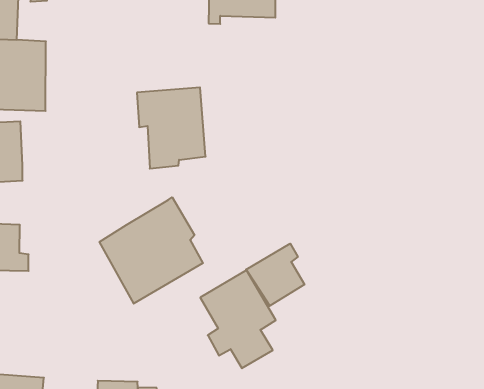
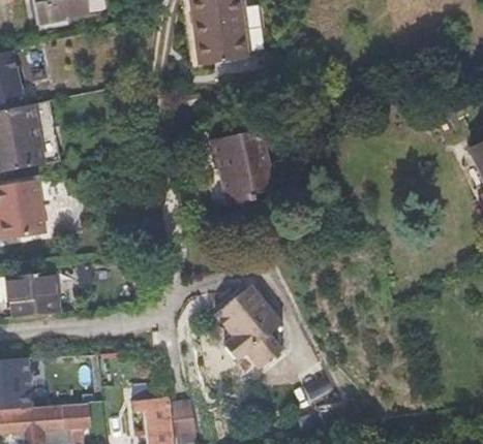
building: [137,87,206,169] -> [207,127,275,204]
building: [100,197,203,304] -> none
building: [246,244,304,306] -> none

